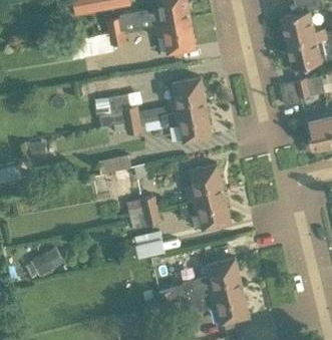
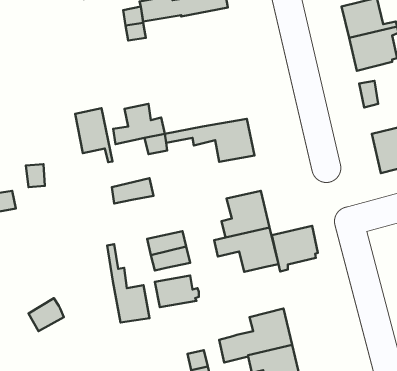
building: [153,20,195,55] -> none
building: [169,78,206,114] -> none
building: none -> [75,108,112,162]
building: none -> [272,226,318,272]
building: none -> [107,244,150,322]

